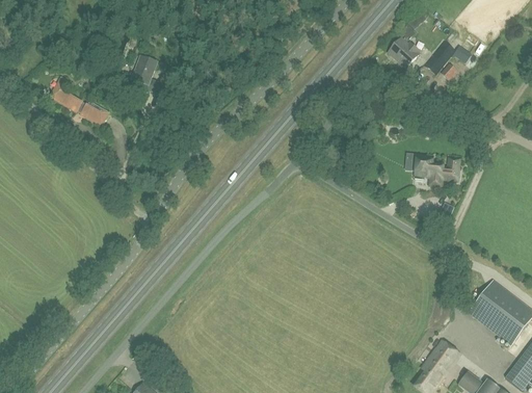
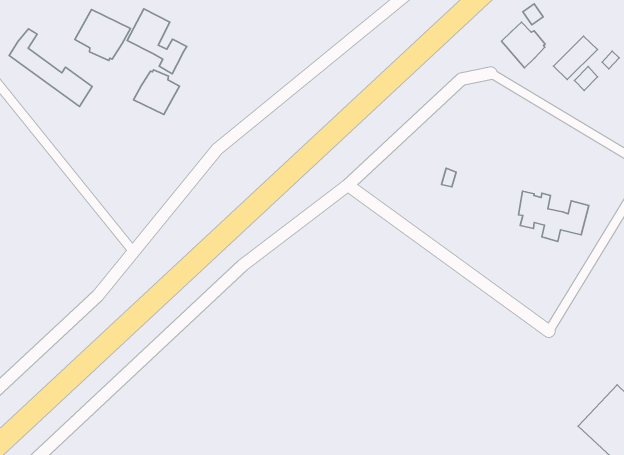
building: none -> [75,9,130,61]
building: none -> [134,70,179,114]

